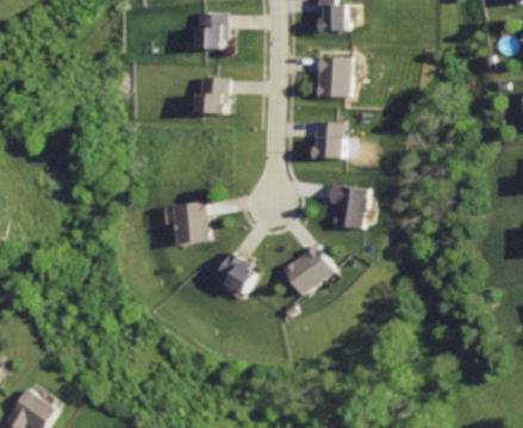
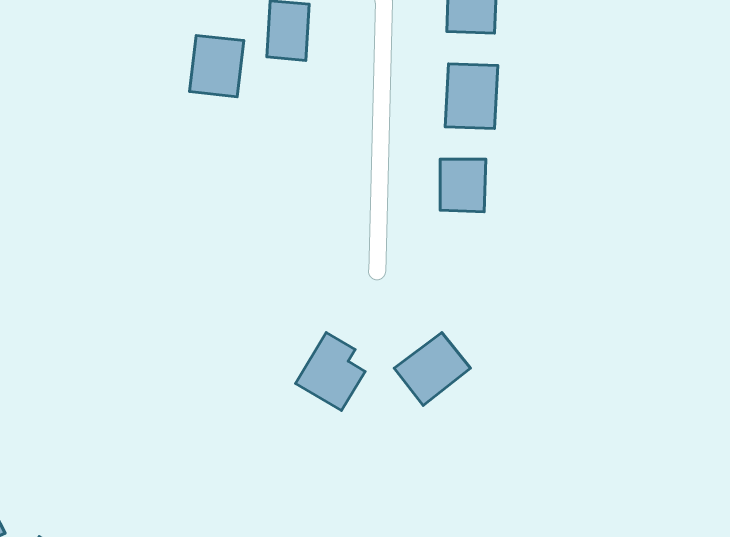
building: [192,75,230,118] -> [189,36,244,97]
building: [325,180,371,231] -> none
building: [164,201,208,248] -> none

